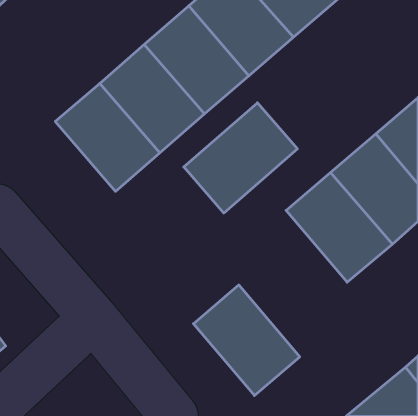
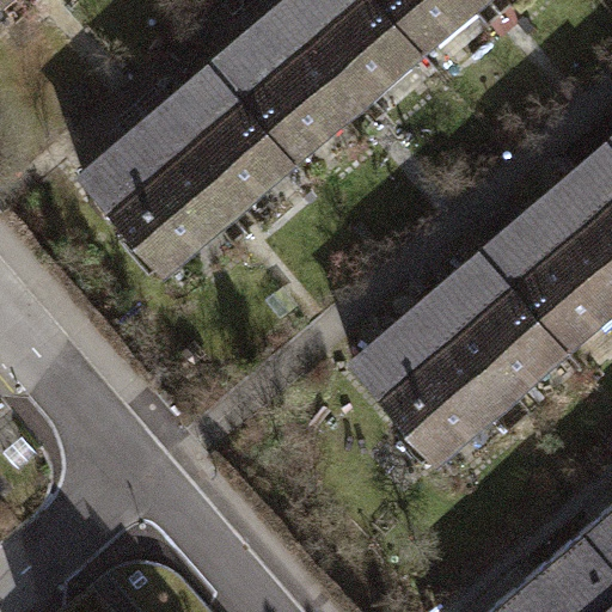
building: [184,103,297,213] -> none
building: [193,285,300,396] -> [349,305,503,465]

